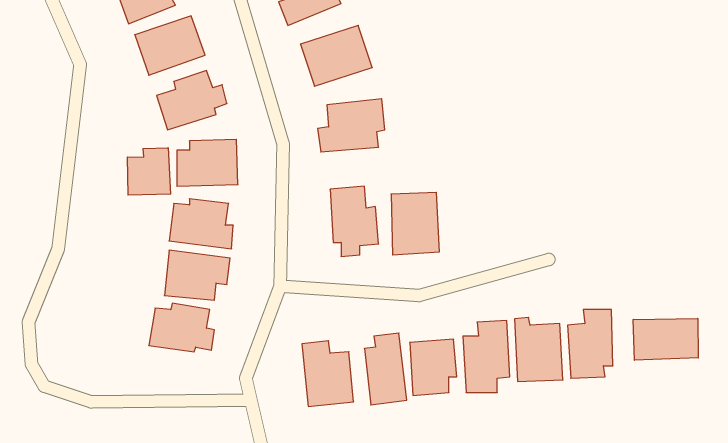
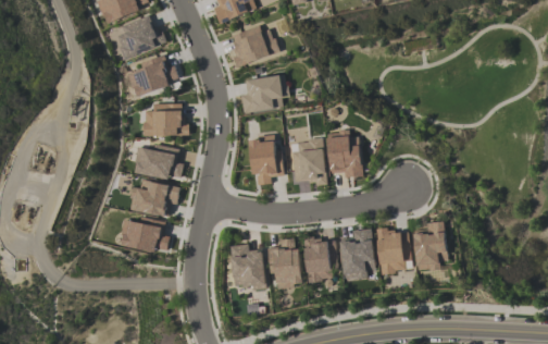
building: [128,148,171,195] -> none
building: none -> [327,132,361,177]
building: [633,318,698,360] -> none

